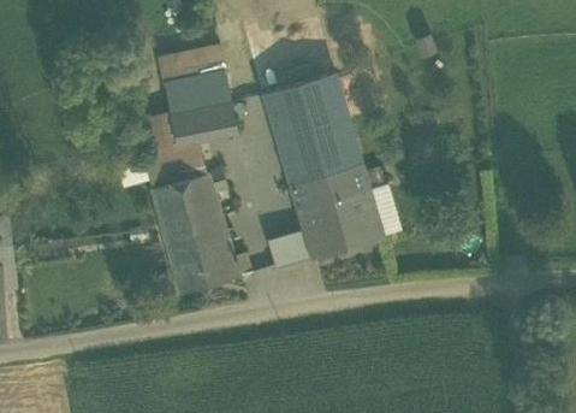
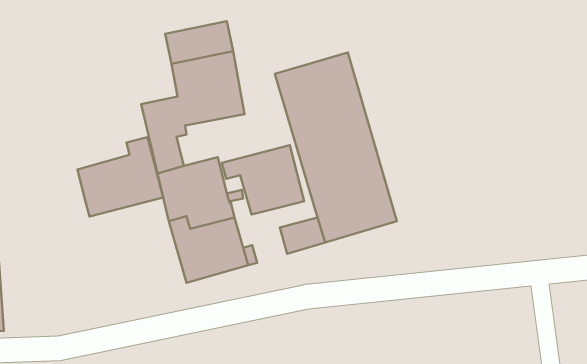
building: none -> [77,137,163,217]
building: none -> [222,145,304,215]

